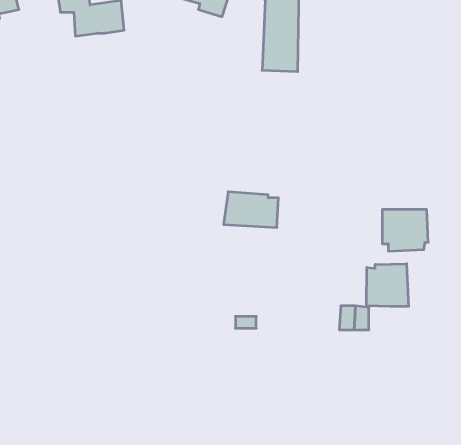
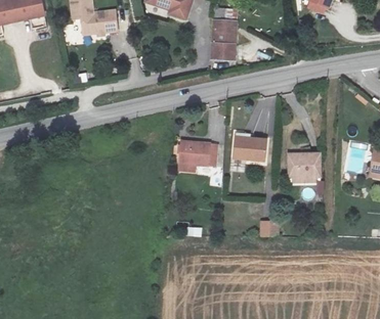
building: none -> [235,136,269,162]
building: [367,264,409,306] -> none

